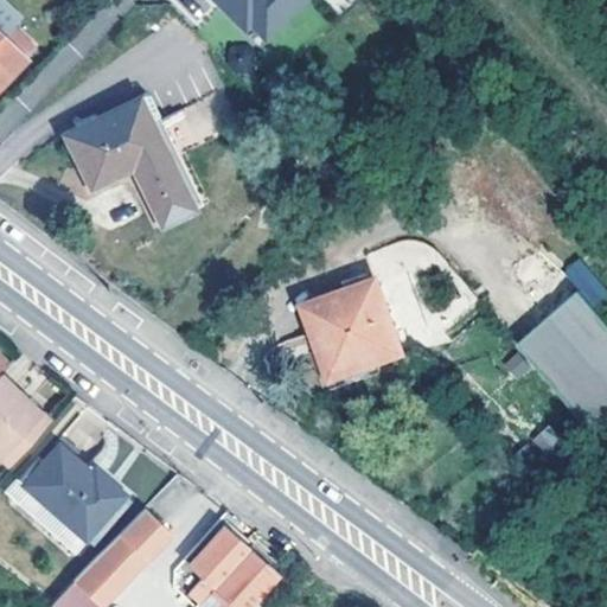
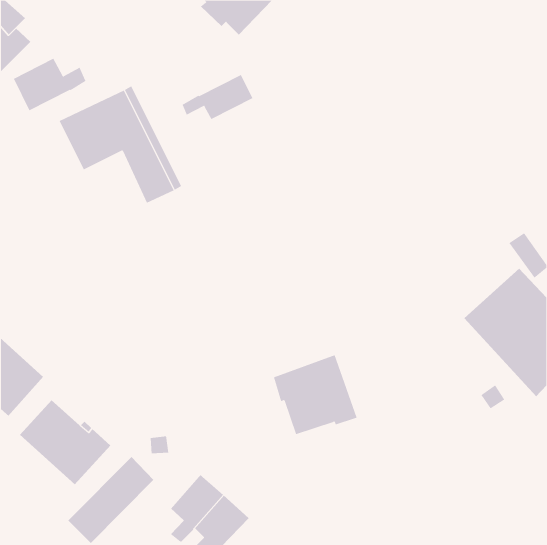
building: none -> [13,58,87,111]
building: none -> [182,74,253,120]
building: [307,285,401,373] -> [273,355,358,435]

